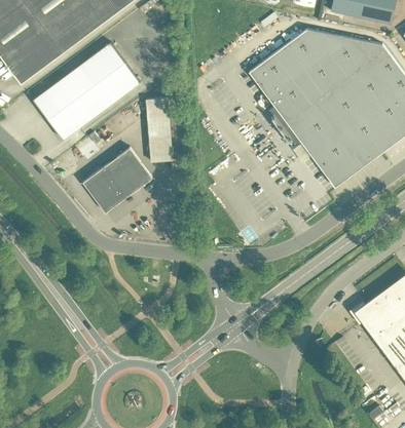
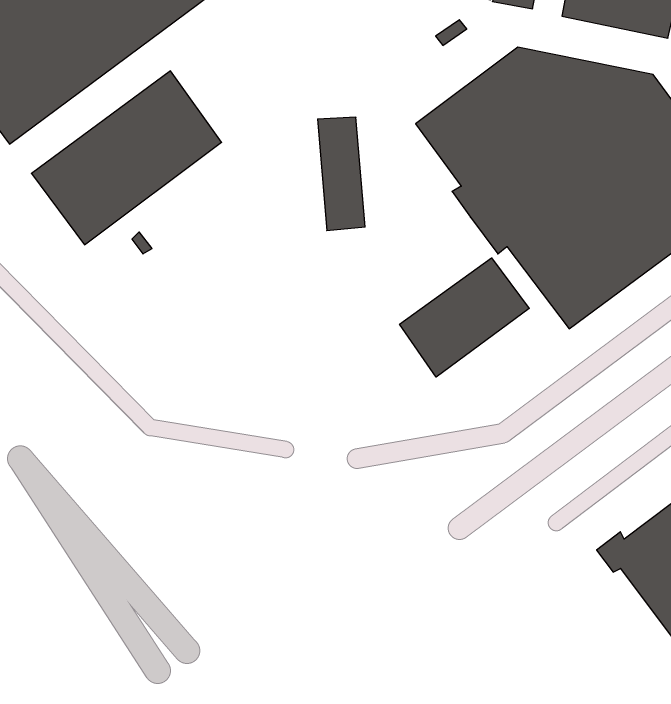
building: [146,99,173,162] -> [318,117,365,231]
building: none -> [400,258,529,377]
building: [83,148,152,212] -> none

